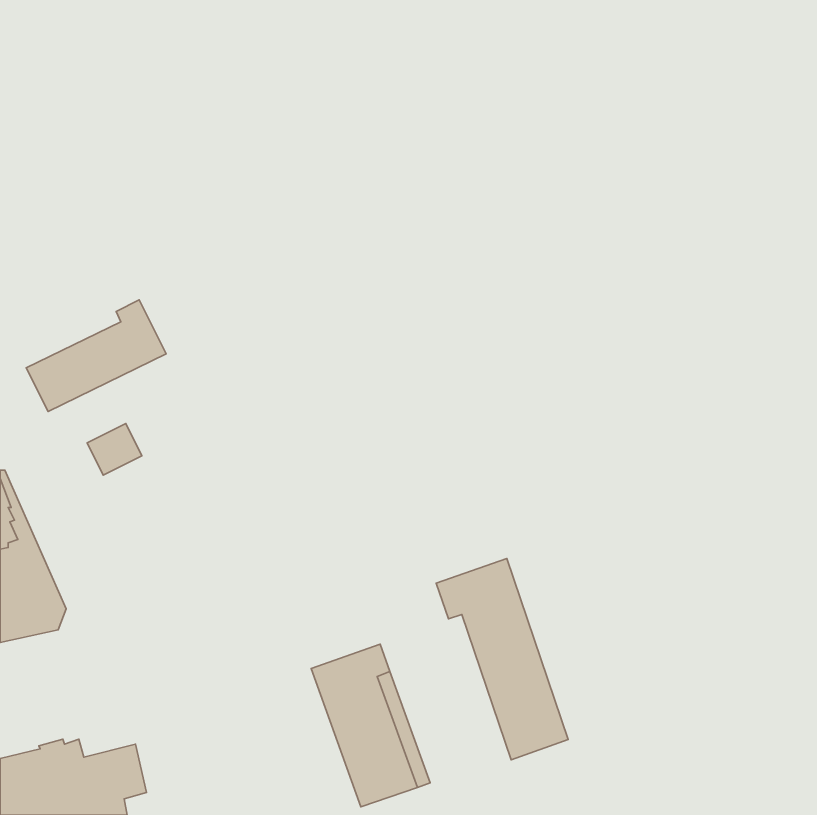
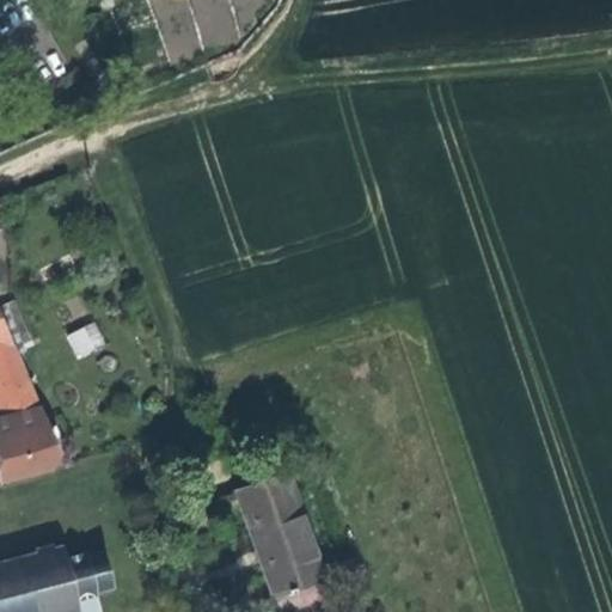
building: [26,300,166,412] -> none
building: [436,559,568,760] -> none

